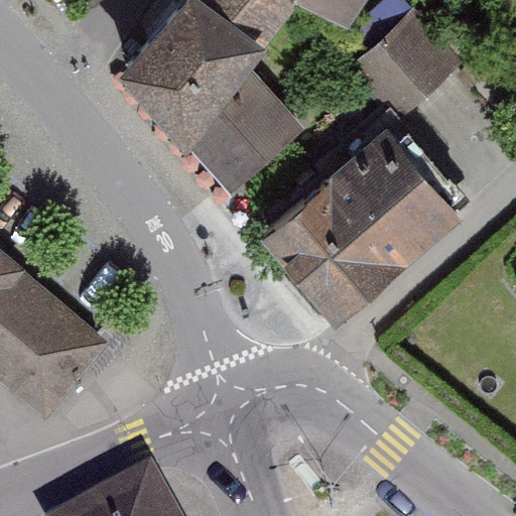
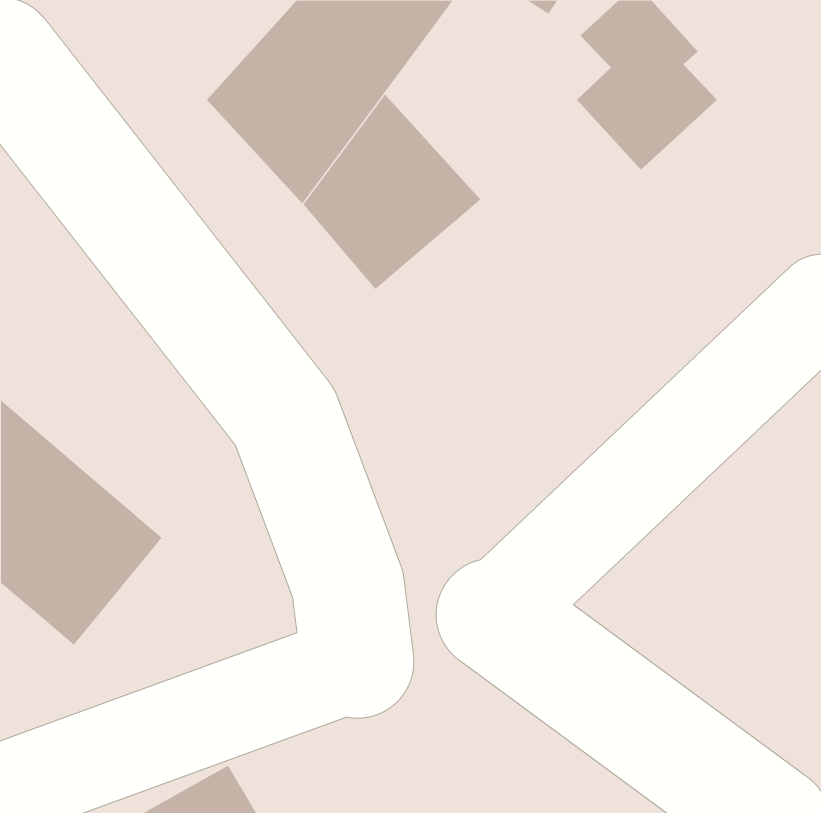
building: [272,136,456,315] -> none

